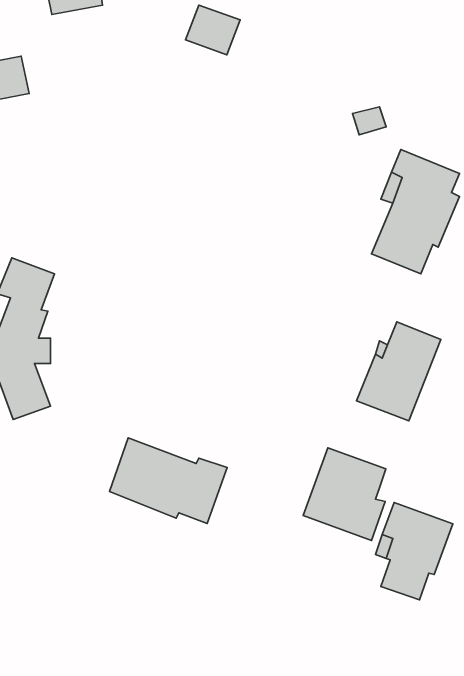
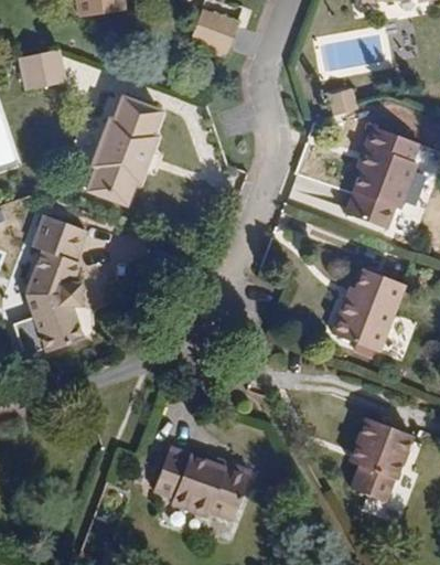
building: none -> [88,95,160,202]
building: [109,438,227,524] -> [153,447,250,518]
building: [303,448,386,541] -> none

